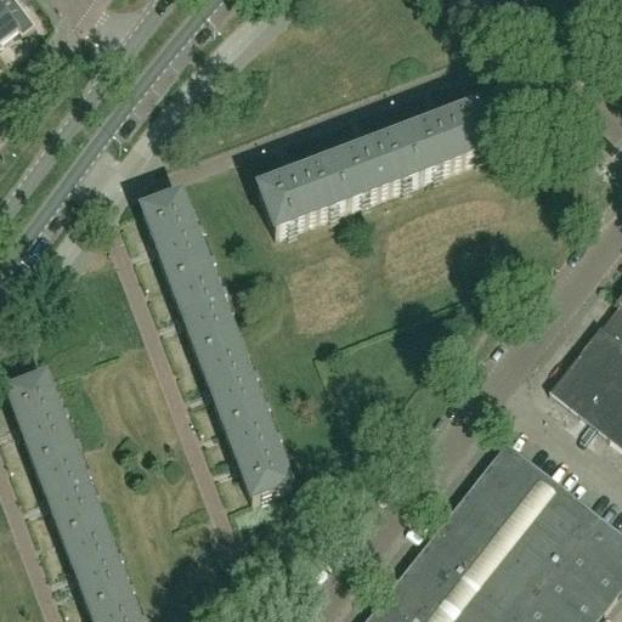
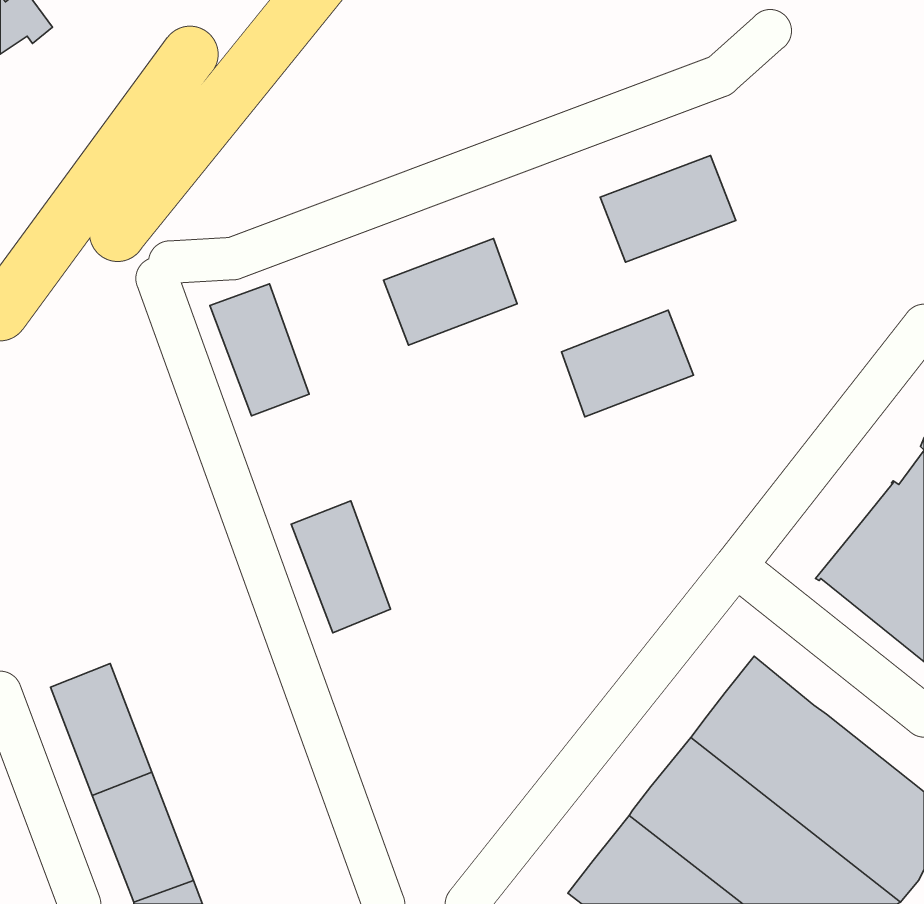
building: [332,132,420,204] -> [561,310,693,417]
building: [169,265,236,352] -> none
building: [6,373,74,462] -> none
building: [224,409,290,498] -> none

